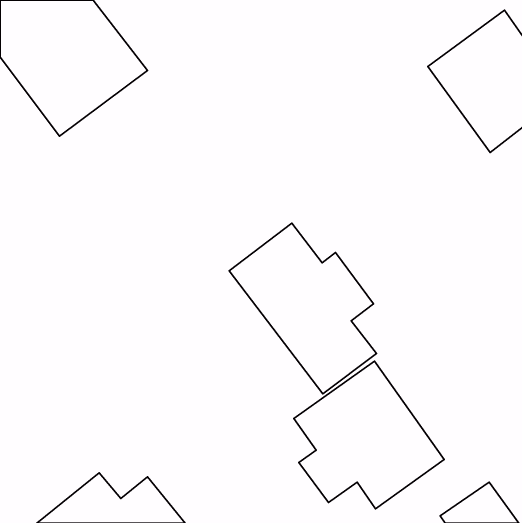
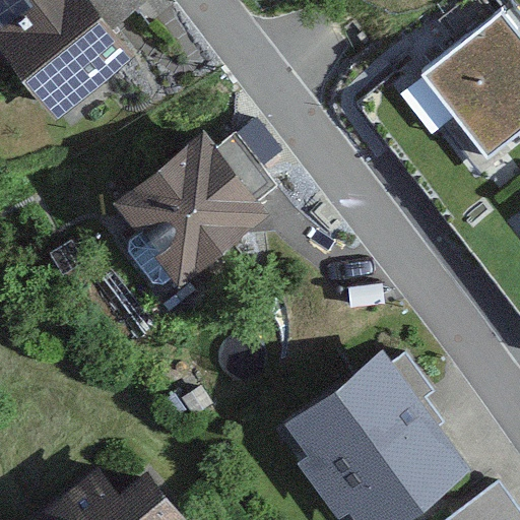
building: none -> [117,138,276,299]
building: [229,223,377,394] -> none

